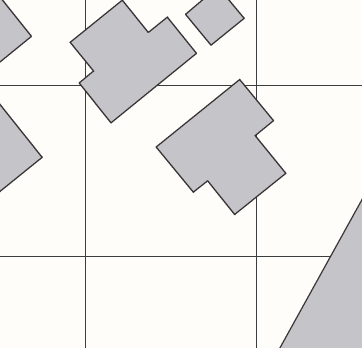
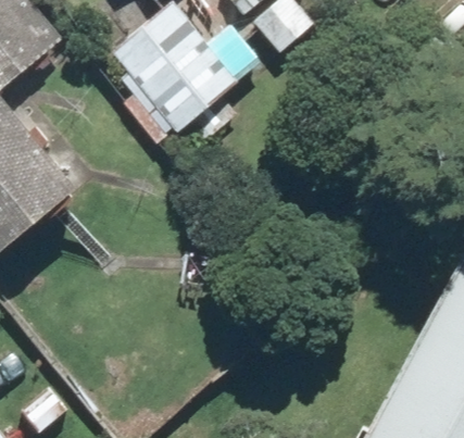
building: [156,79,286,215] -> none

